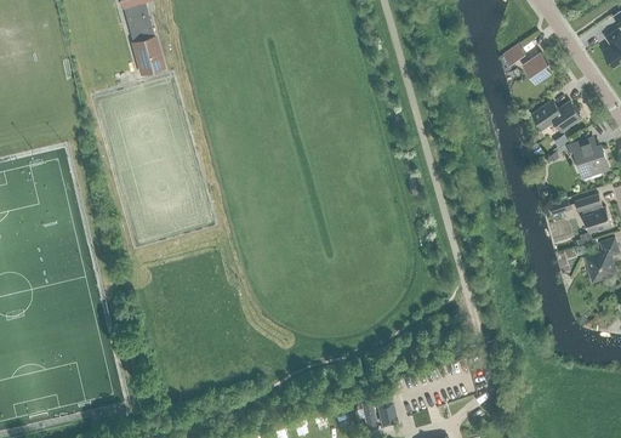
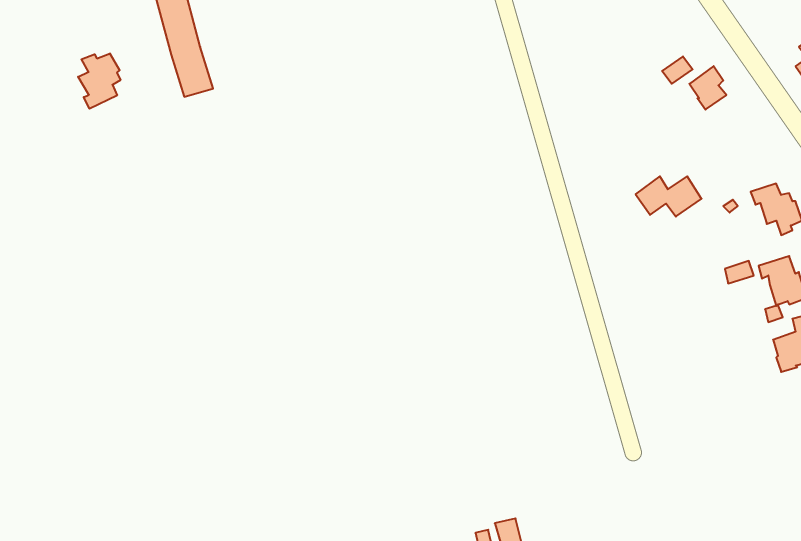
building: none -> [78,53,120,109]
building: [531,101,581,131] -> [636,176,702,217]

